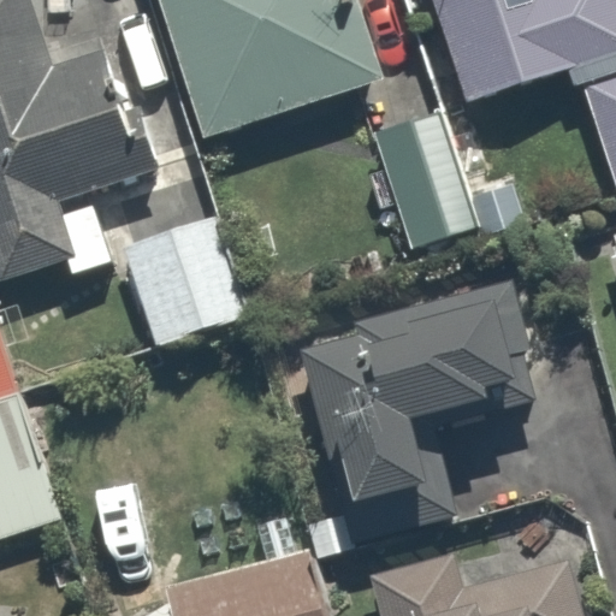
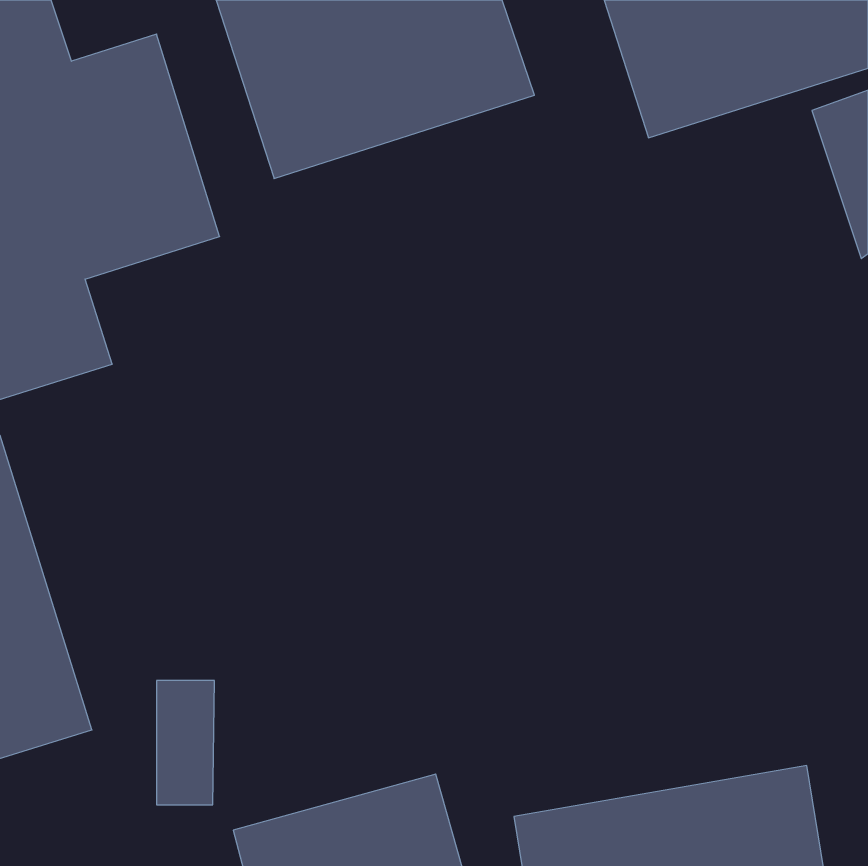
building: [368,90,492,260] -> none
building: [122,203,245,337] -> none
building: [296,297,534,488] -> none

